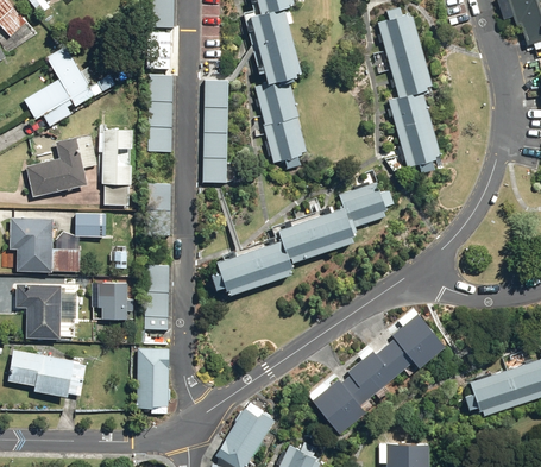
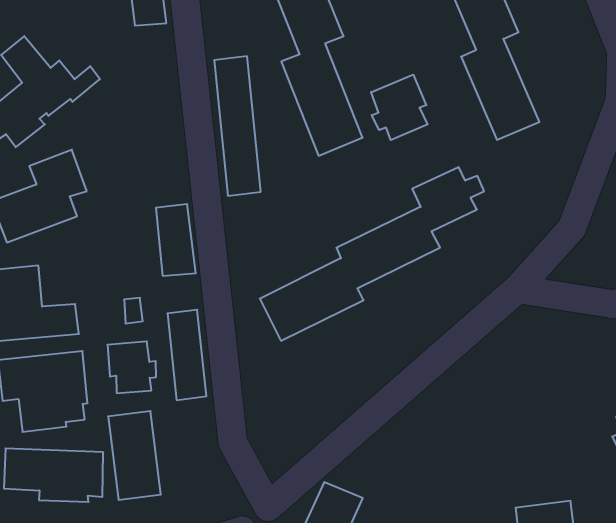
building: [147,80,172,152] -> none
building: none -> [371,75,428,140]
building: [96,130,133,207] -> none
building: [74,213,106,238] -> none
building: [309,313,445,434] -> none
building: [137,347,169,410] -> [108,411,161,500]

